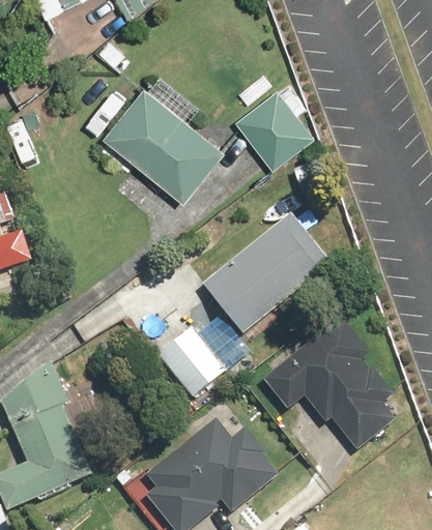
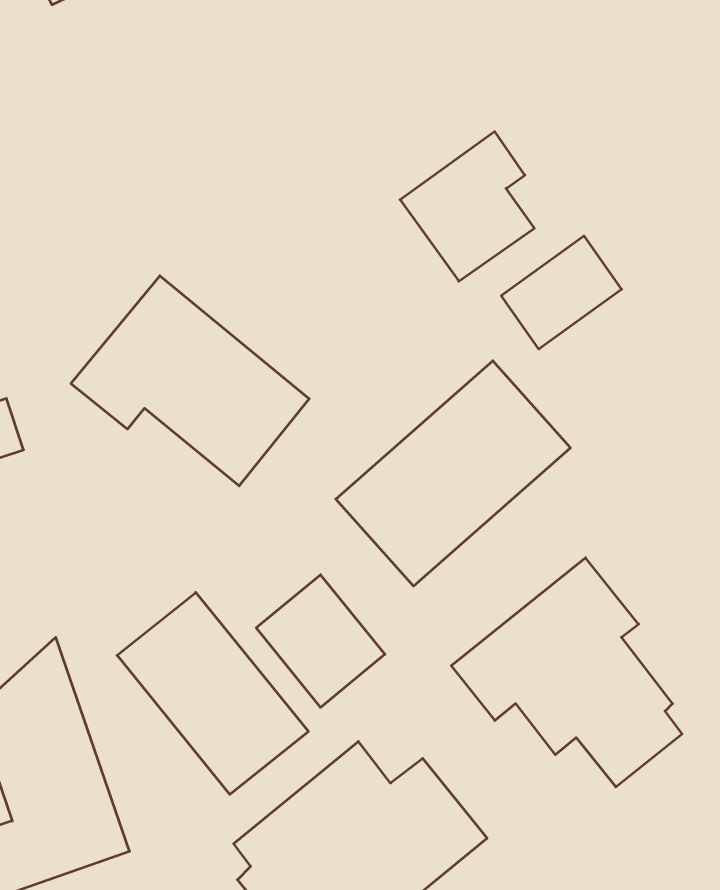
building: [94,87,225,202] -> [71,276,309,486]
building: none -> [501,236,622,349]
building: none -> [117,592,308,794]

